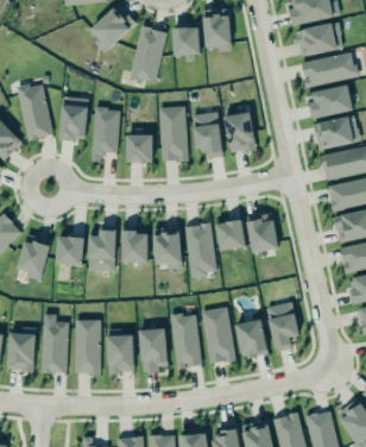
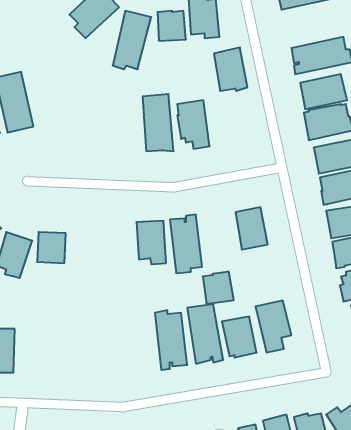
building: [296,24,343,58] -> none
building: [58,96,87,140] -> none
building: [93,109,120,163] -> none
building: [223,111,255,152] -> [214,47,247,91]
building: [126,134,152,162] -> none
building: [215,219,245,250] -> [203,271,234,304]
building: [87,227,115,271] -> none
building: [120,228,147,260] -> none
building: [42,315,69,374] -> none
building: [74,320,99,373] -> none
building: [108,330,134,374] -> none
building: [140,330,168,372] -> none

